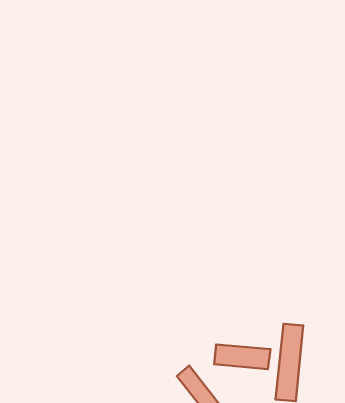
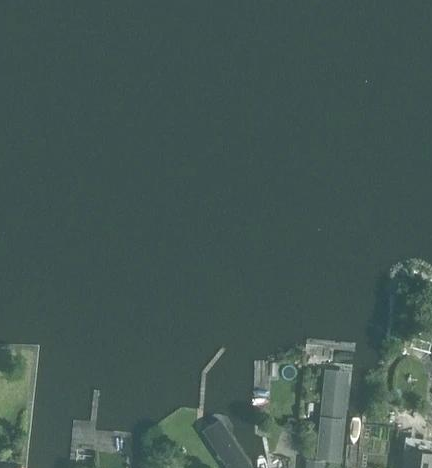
building: [214,344,271,369] -> none

